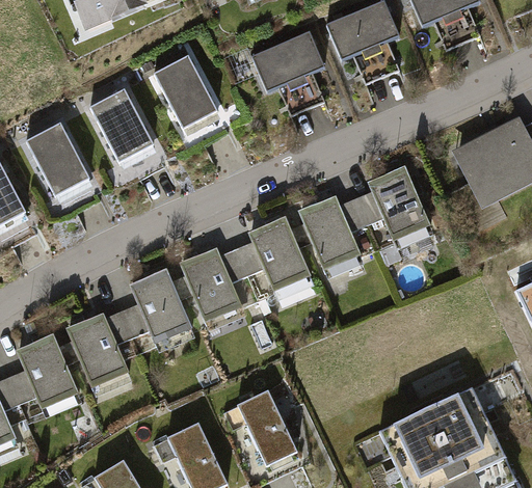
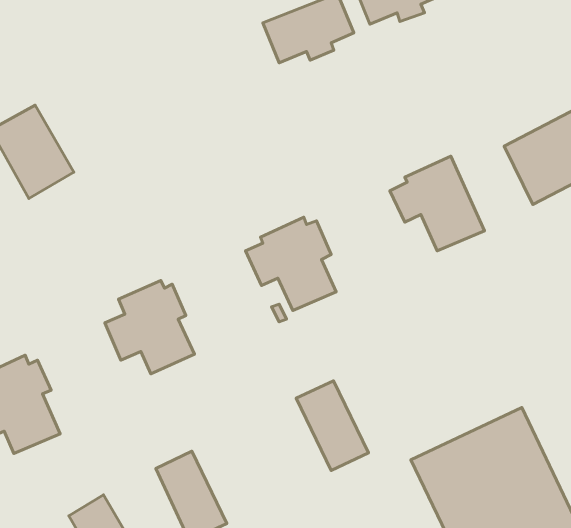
building: [151,55,221,133] -> none
building: [87,90,157,168] -> none
building: [295,196,369,275] -> none
building: [175,246,249,328] -> none
building: [62,306,132,395] -> none
building: [231,381,291,456] -> [296,381,368,470]

